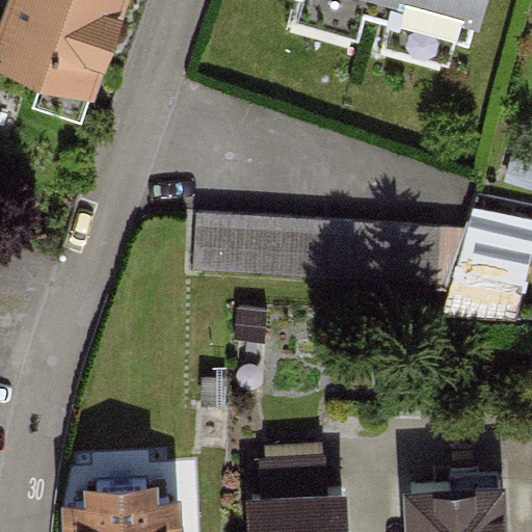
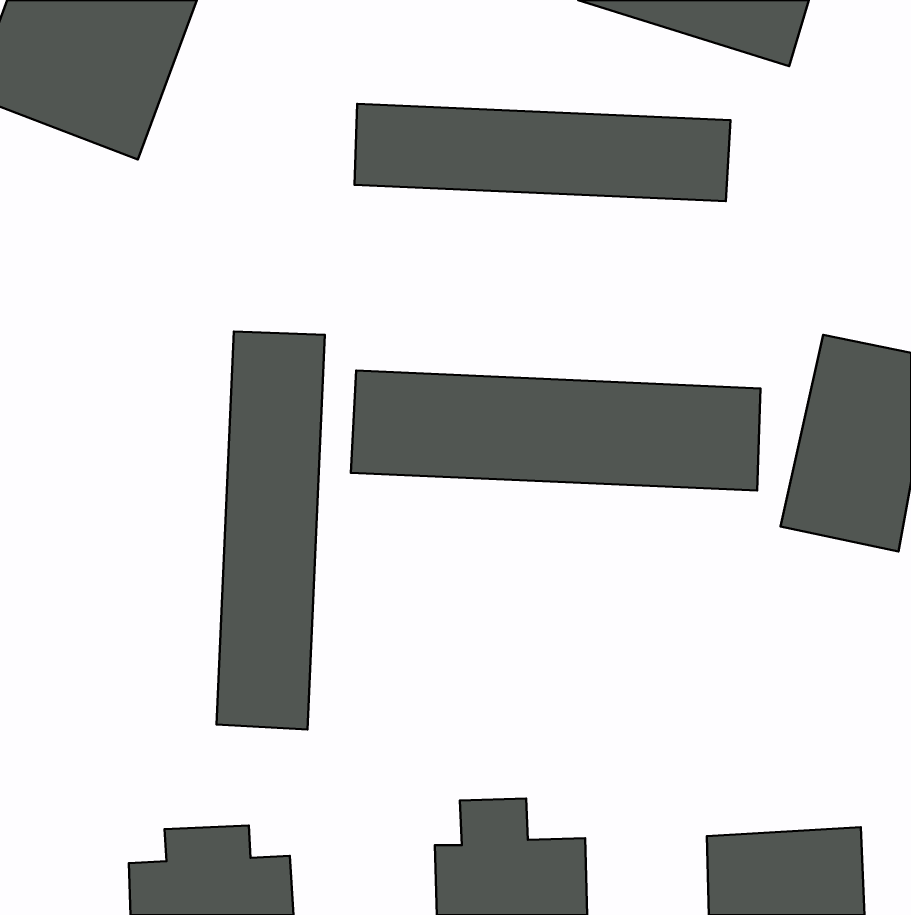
building: none -> [354,104,730,201]
building: none -> [217,332,325,729]

